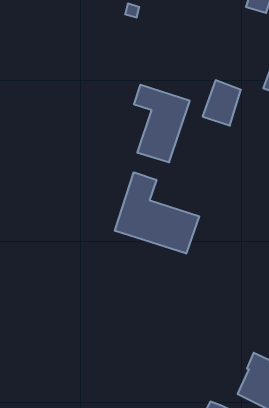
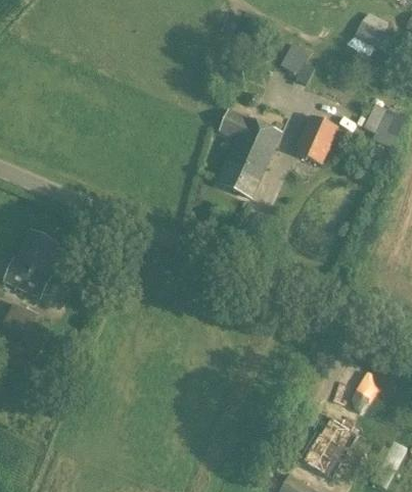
building: none -> [281,43,313,75]
building: [115,172,199,254] -> none

